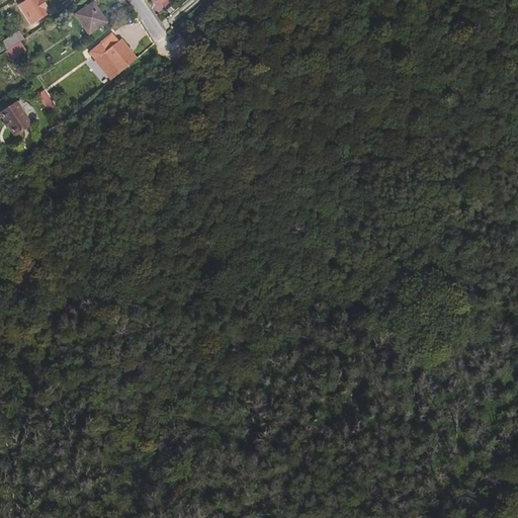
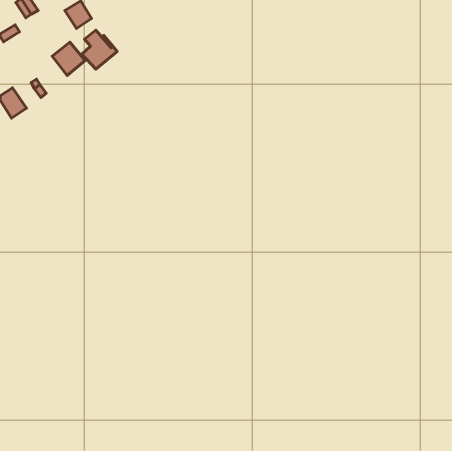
building: none -> [52,42,85,75]

